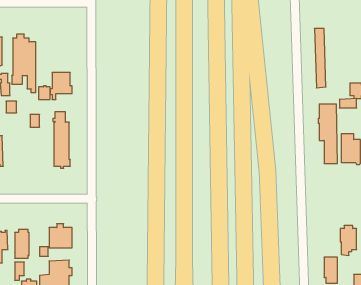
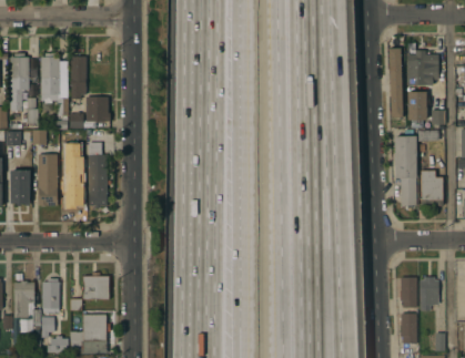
building: none -> [407,50,438,84]
building: none -> [70,57,85,100]
building: none -> [407,90,428,120]
building: none -> [37,154,57,206]
building: none -> [65,171,82,202]
building: none -> [401,275,416,306]

